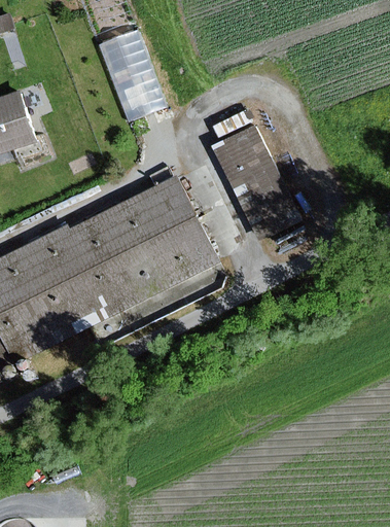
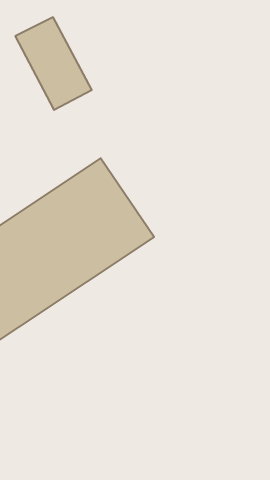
building: [208,124,302,244] -> none

